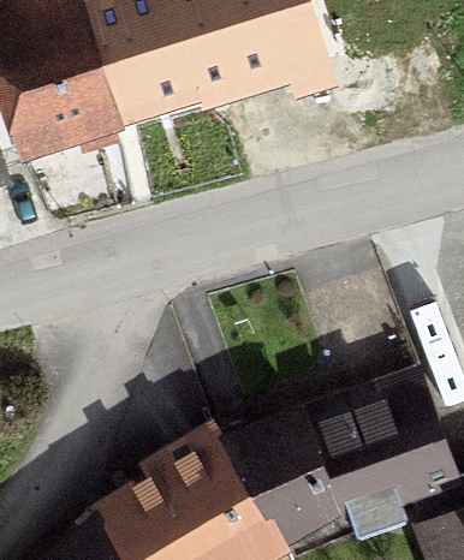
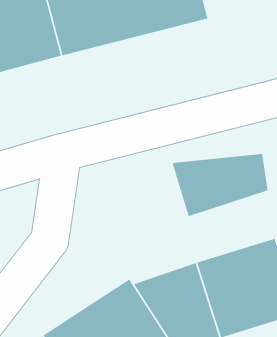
building: none -> [171,153,269,217]

